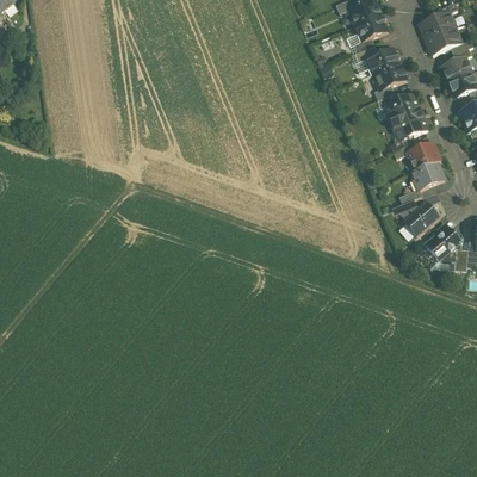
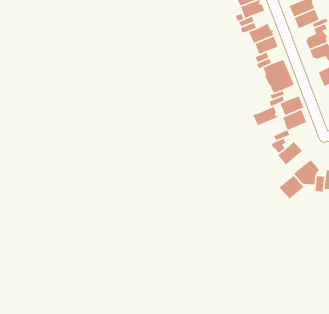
building: none -> [252,106,279,126]
building: none -> [279,175,304,200]

